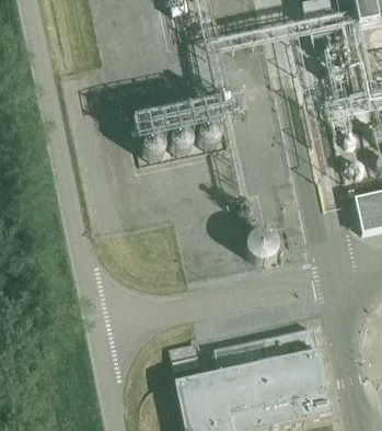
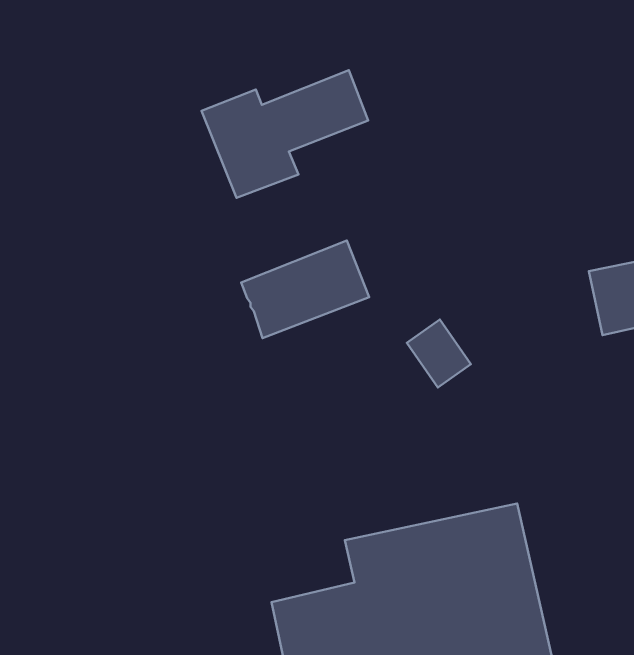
building: none -> [241,240,369,338]

